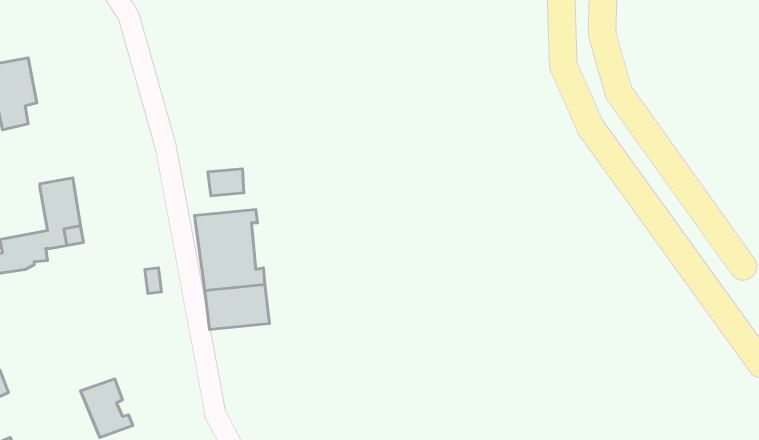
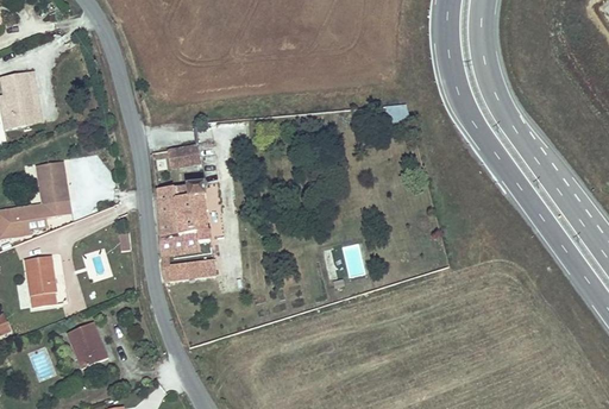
building: none -> [23,64,44,119]
building: none -> [26,257,57,304]

